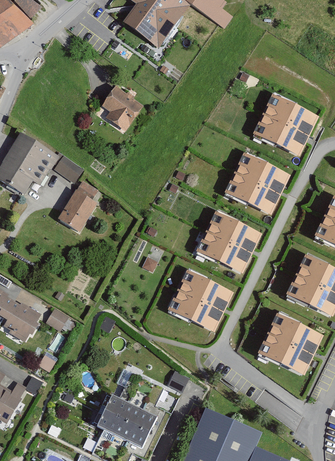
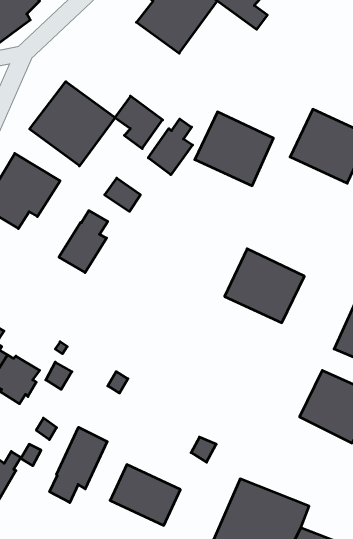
building: none -> [30,82,115,166]
building: none -> [148,119,193,175]
building: [53,155,83,183] -> [105,178,140,211]
building: [224,155,290,217] -> [195,112,273,186]
building: [168,272,235,334] -> none
building: none -> [50,427,107,503]

